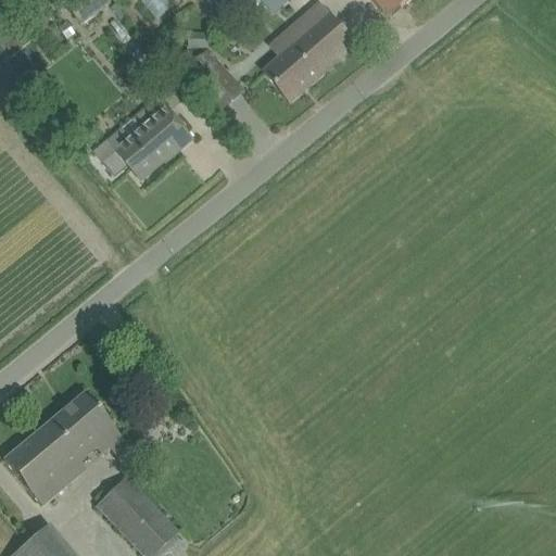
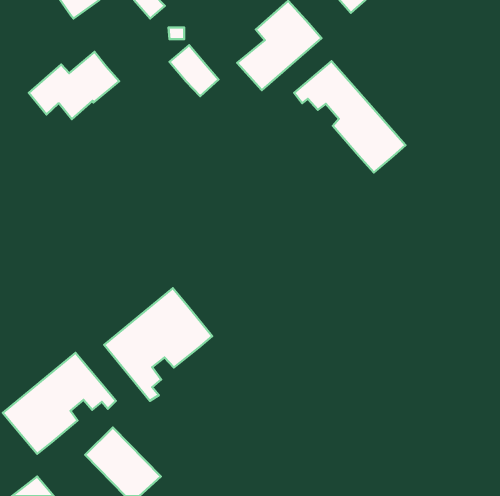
building: none -> [294,61,405,173]
building: [94,103,194,178] -> [29,52,119,119]
building: none -> [104,288,212,401]

